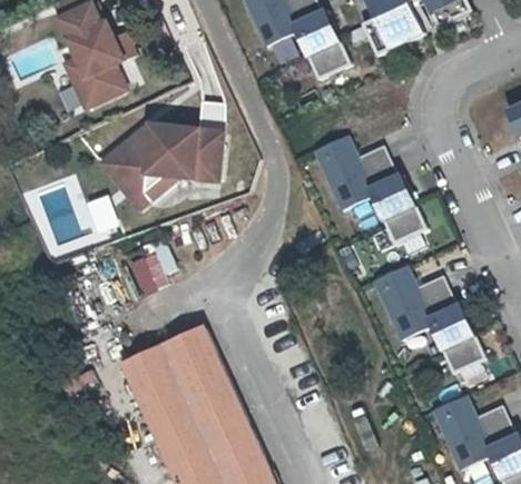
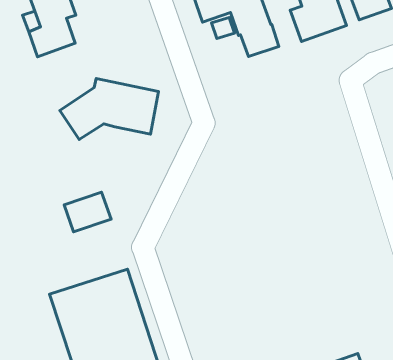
building: [100,119,177,204] -> none
building: [313,135,426,244] -> none
building: [372,265,486,373] -> none

